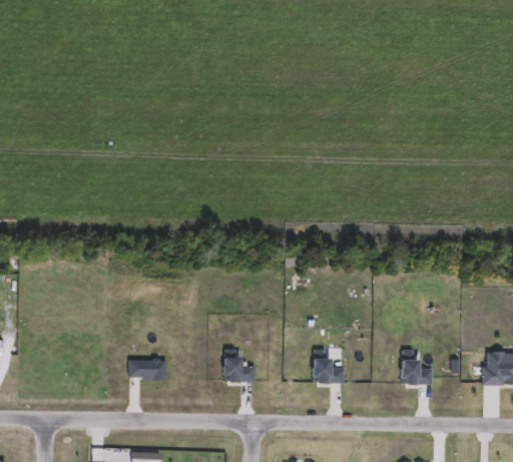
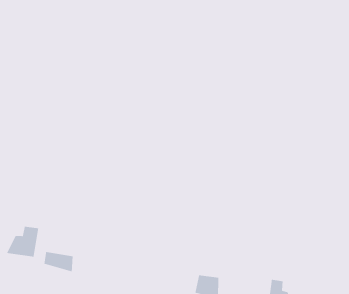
building: none -> [6,226,39,257]
building: [224,359,254,383] -> none

